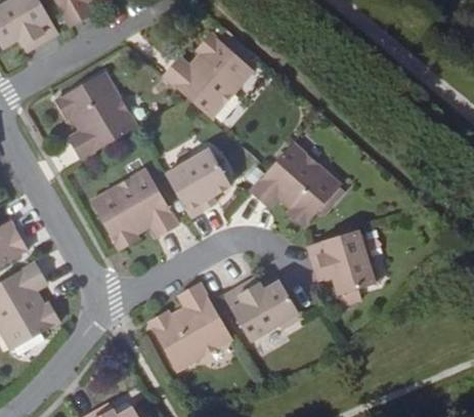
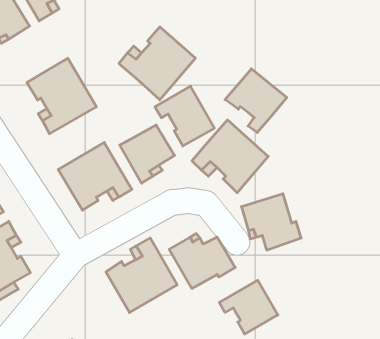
building: none -> [225,69,287,133]
building: none -> [155,86,214,146]
building: none -> [219,280,278,334]

